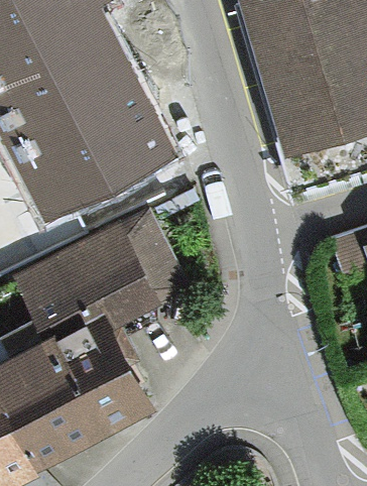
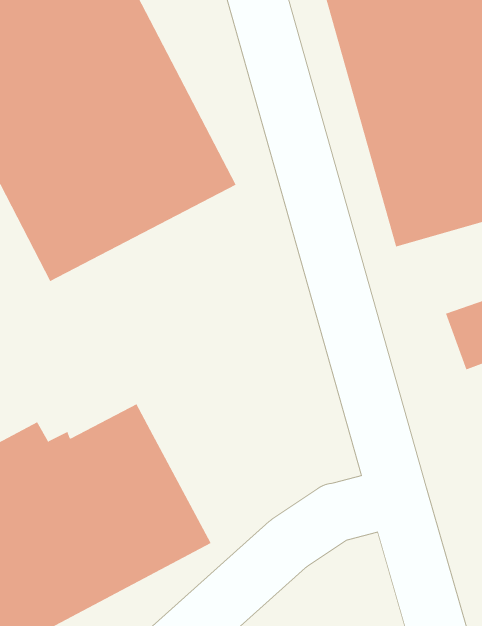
building: [13,209,189,334] -> none

